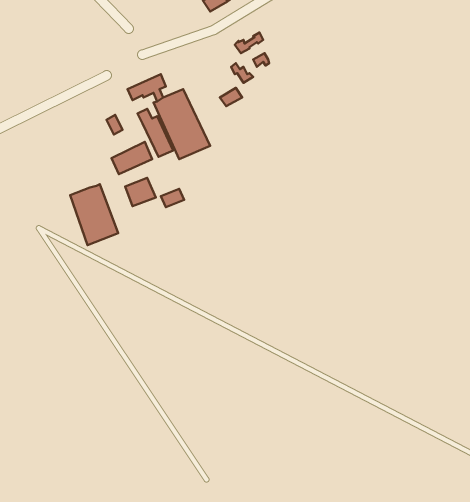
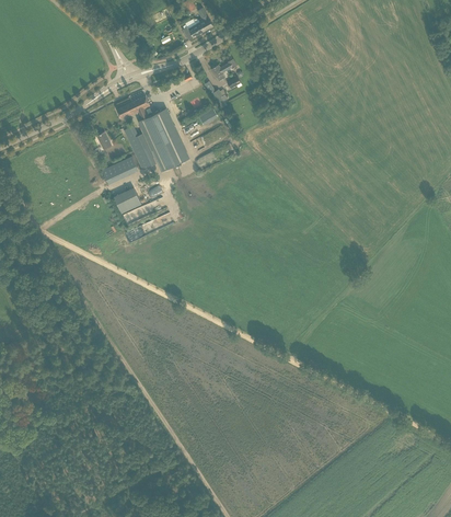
building: [70,184,118,245] -> none

